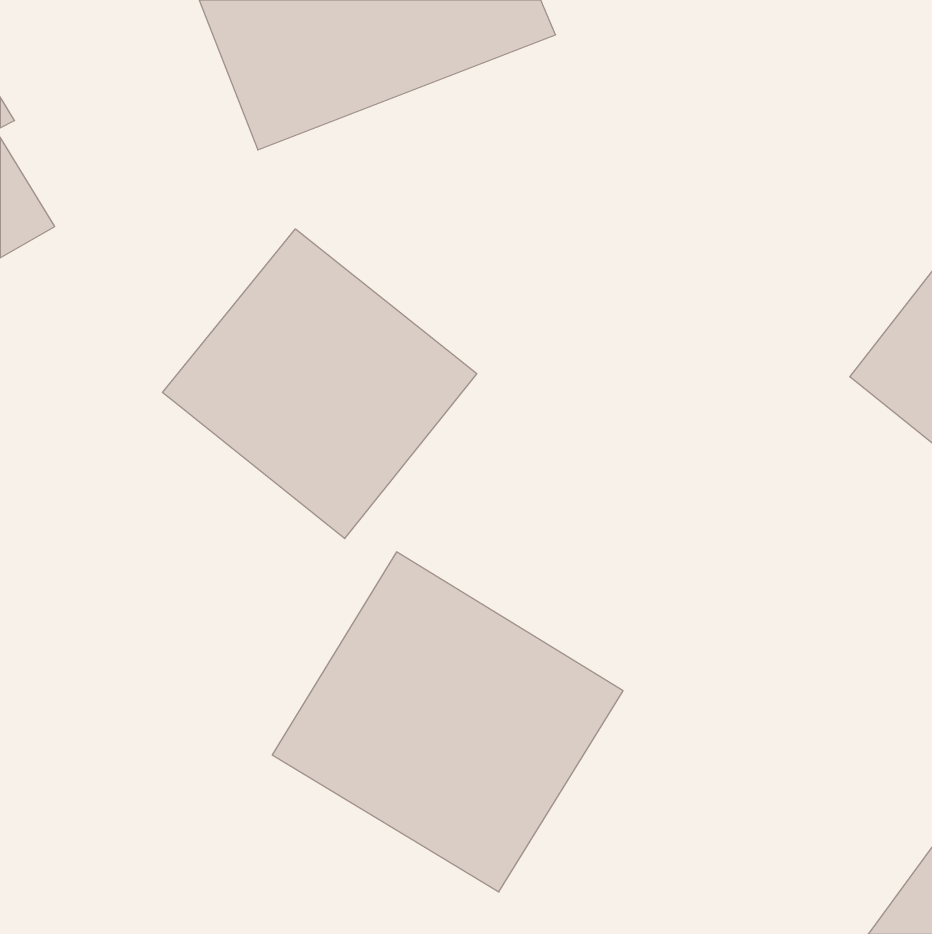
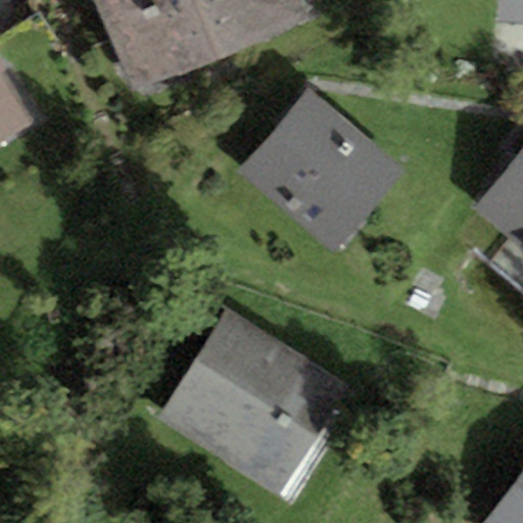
building: none -> [241,92,403,251]
building: [162,229,477,539] -> none

